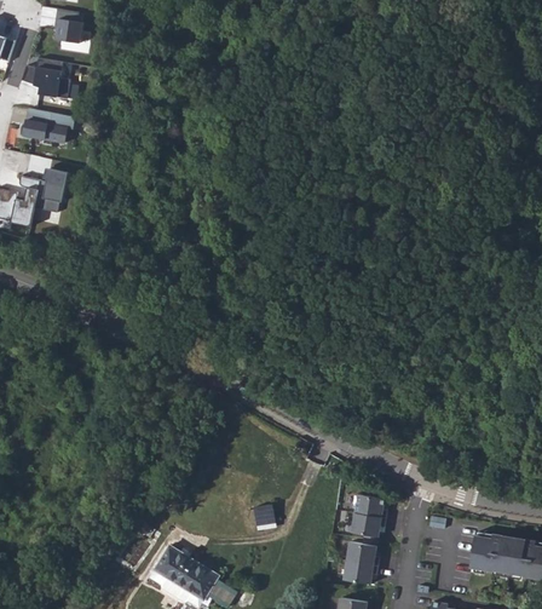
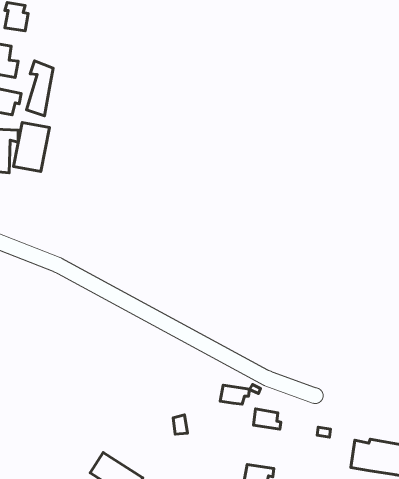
building: none -> [26,61,53,116]
building: none -> [13,122,50,172]
building: [348,515,384,538] -> [220,385,249,404]
building: [345,542,377,567] -> none

